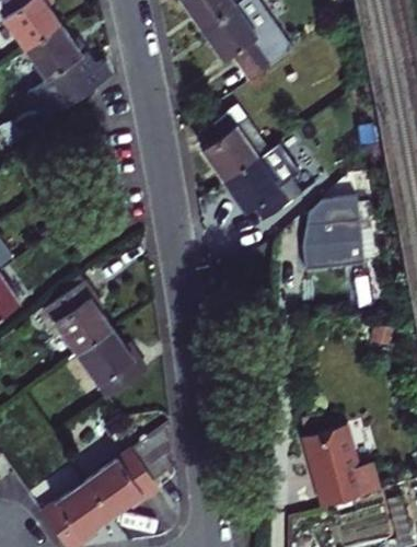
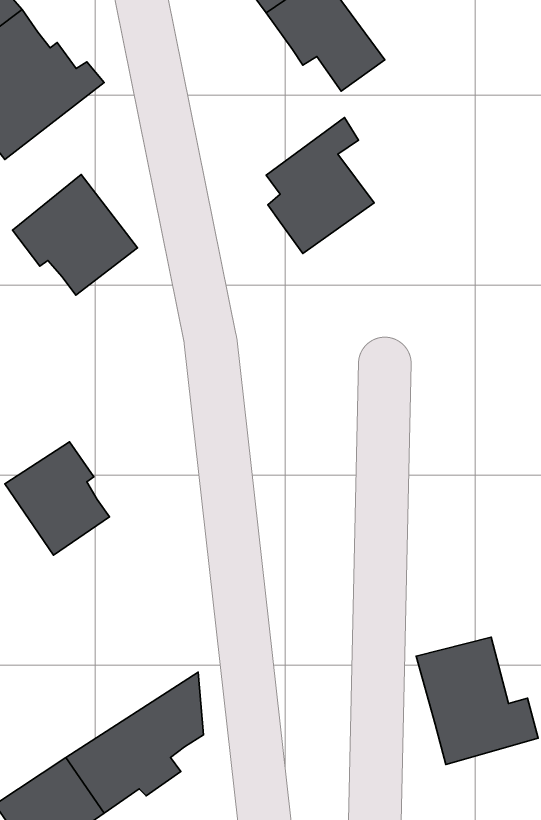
building: none -> [12,175,137,295]
building: [231,139,308,216] -> none
building: [302,176,372,299] -> none
building: [74,341,146,411] -> none

